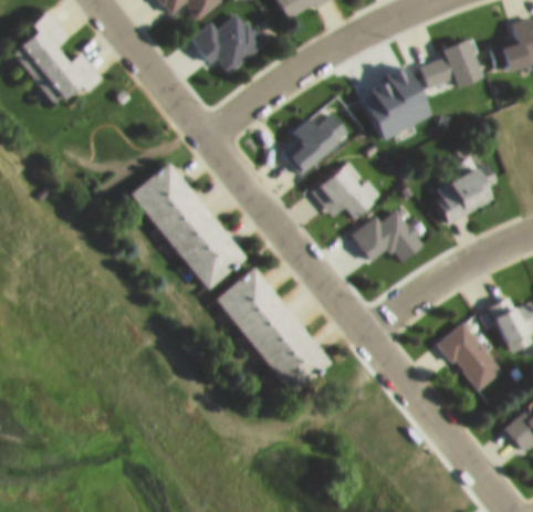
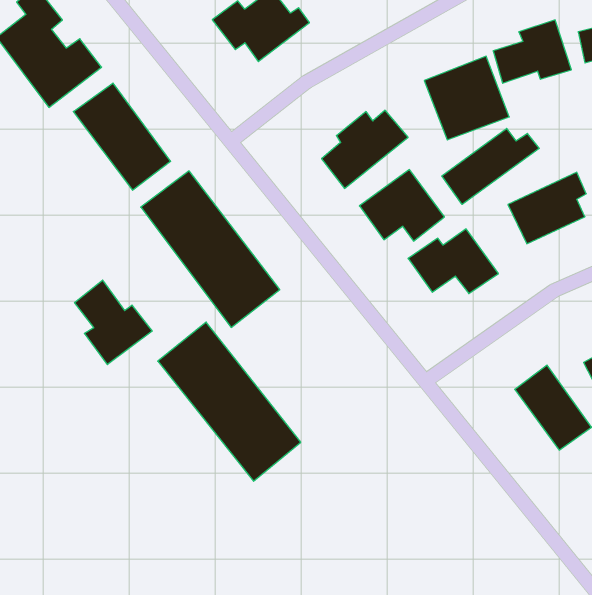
building: none -> [73,83,171,190]
building: none -> [442,128,539,204]
building: none -> [75,280,152,365]
building: [215,265,332,396] -> [158,322,301,481]

